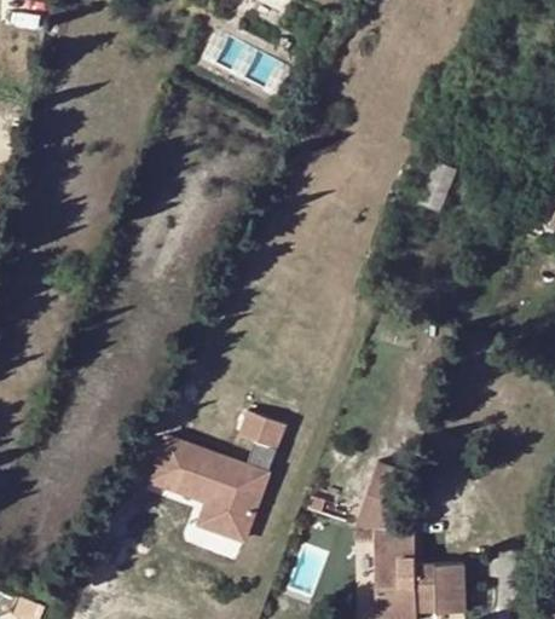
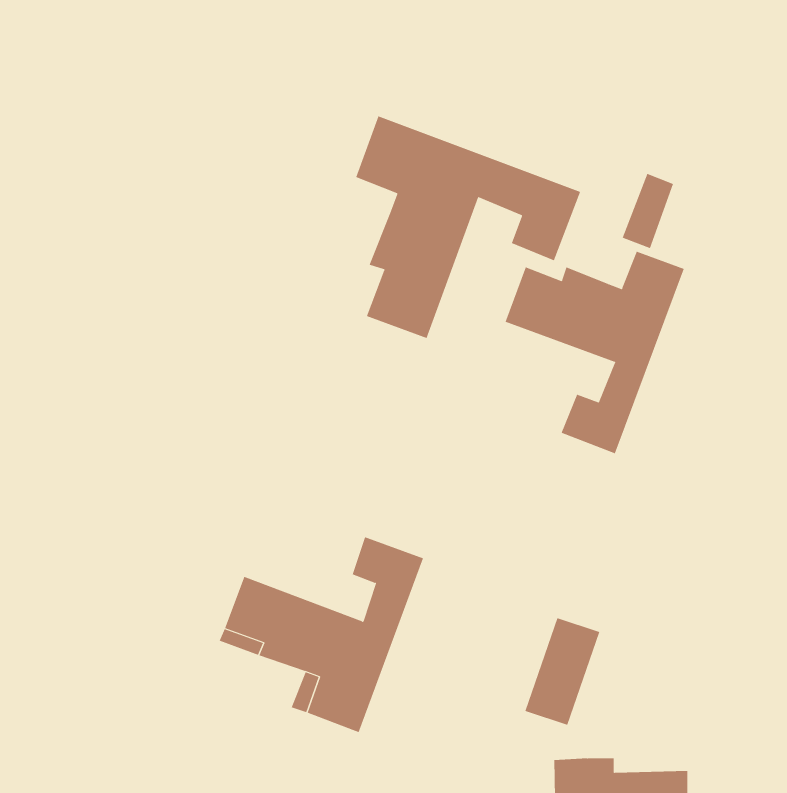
building: none -> [356,116,581,339]
building: none -> [505,251,685,454]

